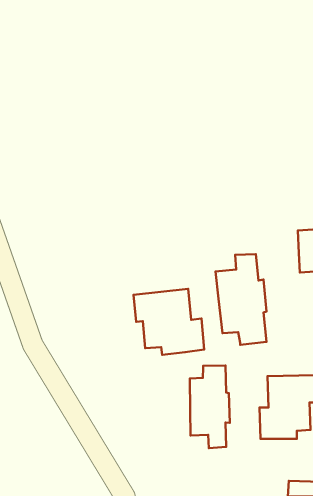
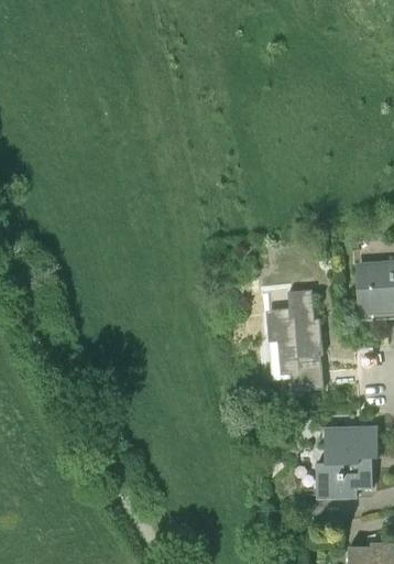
building: [134,289,204,355] -> none
building: [190,366,230,448] -> none

